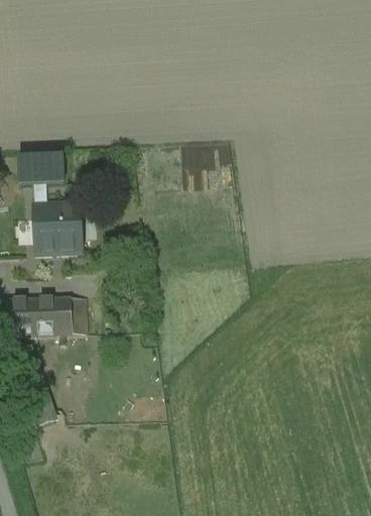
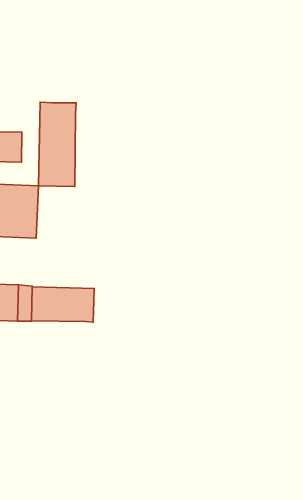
building: none -> [39,102,76,187]
building: none -> [31,287,94,322]

